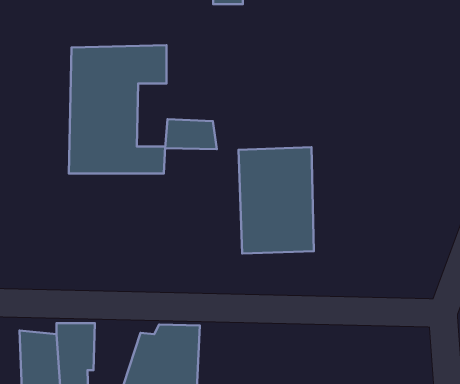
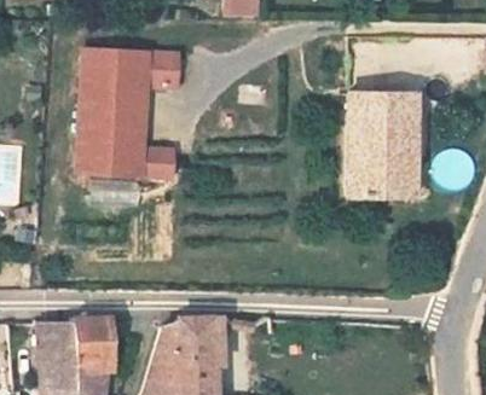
building: [165,119,217,149] -> none
building: [239,147,314,253] -> [355,86,429,190]

